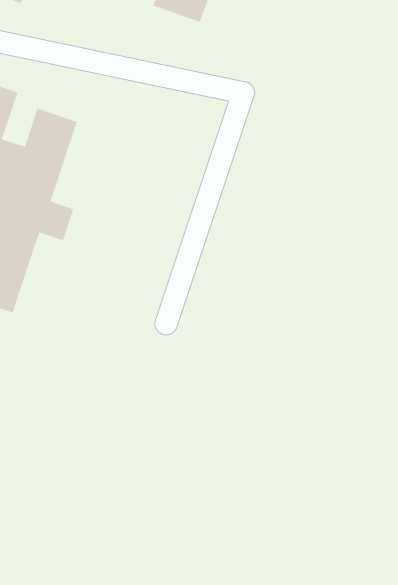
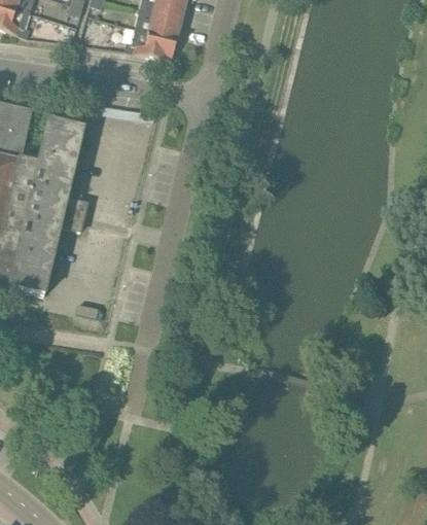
building: none -> [123,25,176,57]

